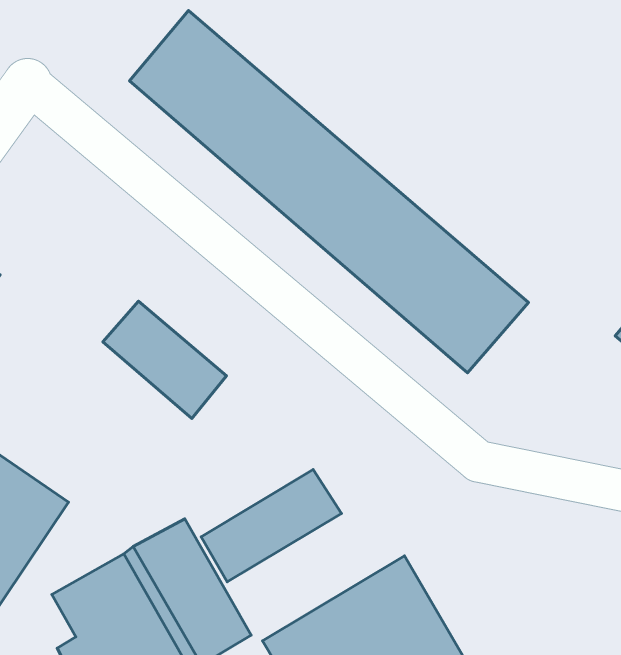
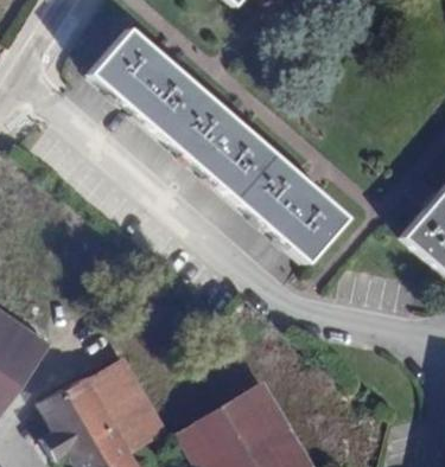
building: [103,301,226,418] -> none
building: [201,469,342,582] -> none

